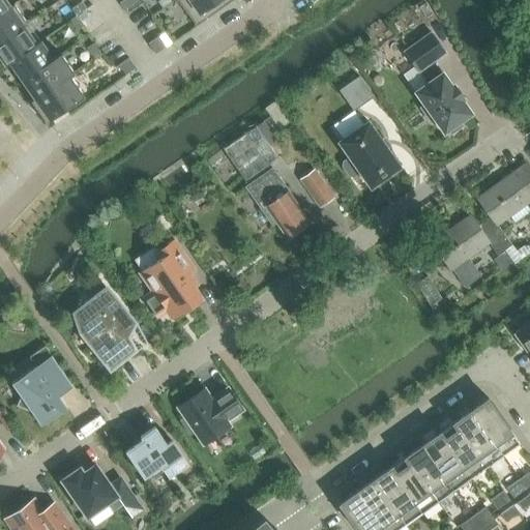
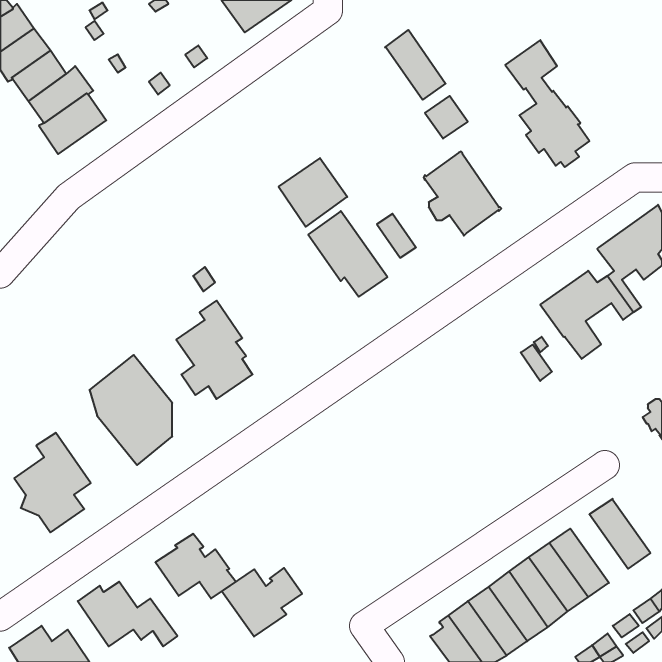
building: none -> [385,30,446,100]
building: [178,388,242,443] -> [222,568,302,637]
building: [455,411,502,466] -> none

